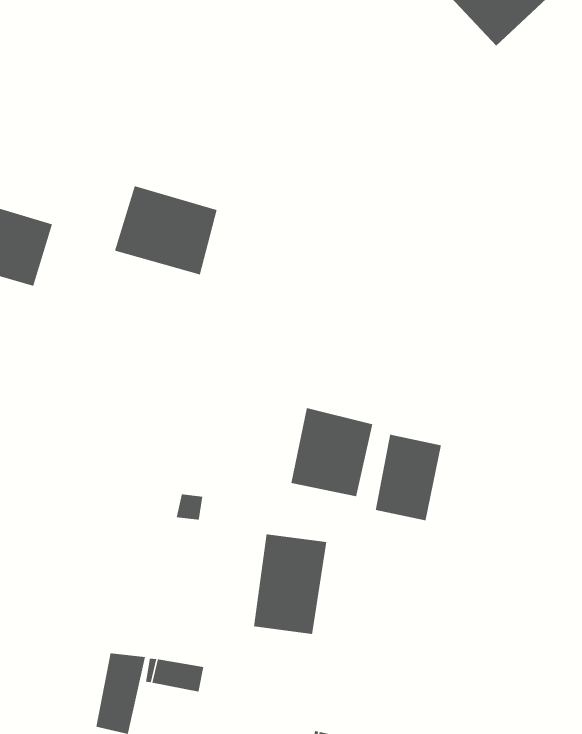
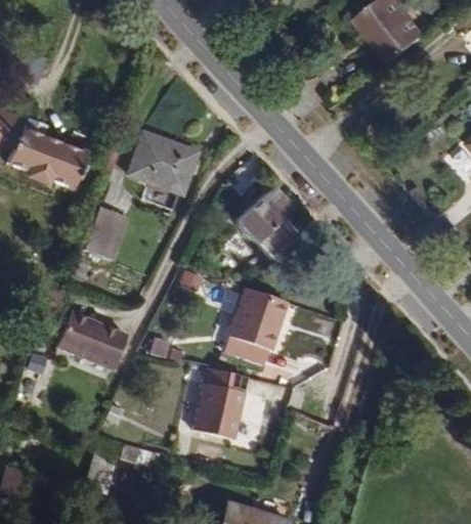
building: none -> [237,186,297,260]
building: none -> [82,206,126,260]
building: [375,434,442,521] -> none
building: none -> [56,311,126,370]

